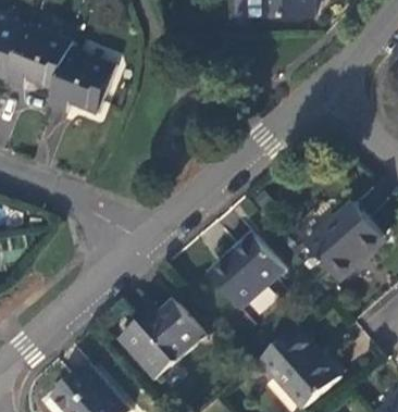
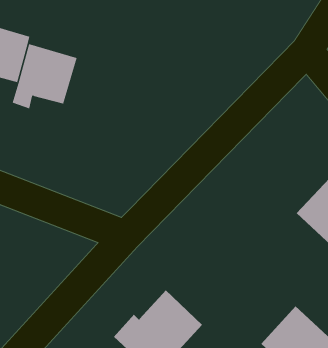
building: [209,232,285,305] -> none

